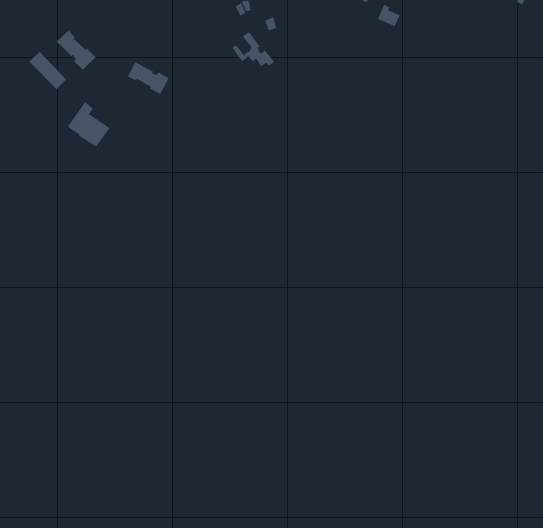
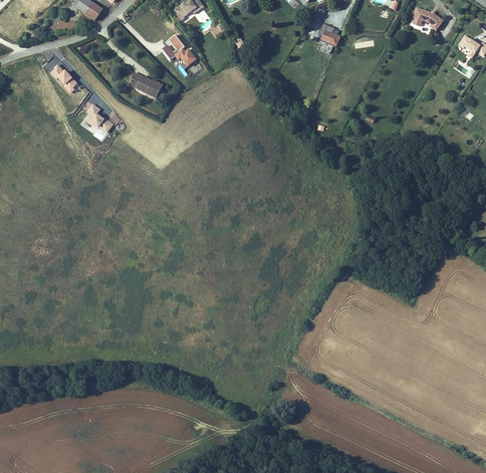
building: [56,30,96,71] -> none
building: [231,31,275,67] -> [162,36,196,64]

